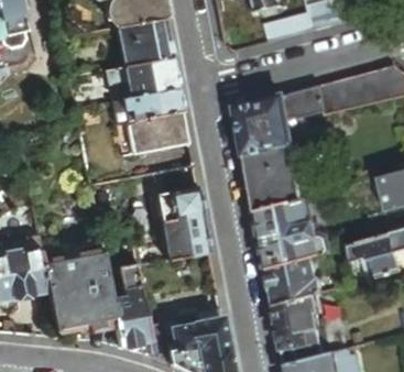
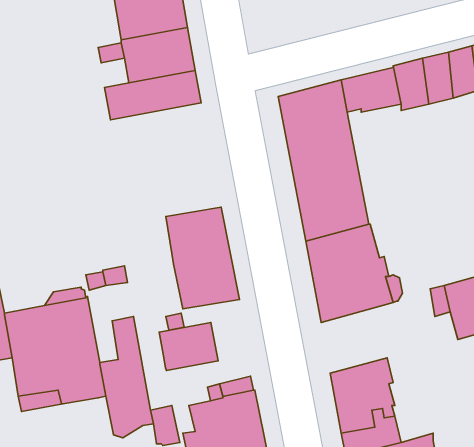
building: [116,111,187,154] -> none
building: [266,256,319,305] -> none
building: none -> [159,322,218,370]

